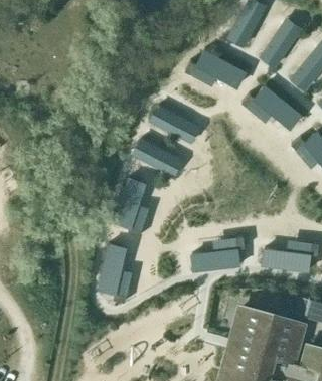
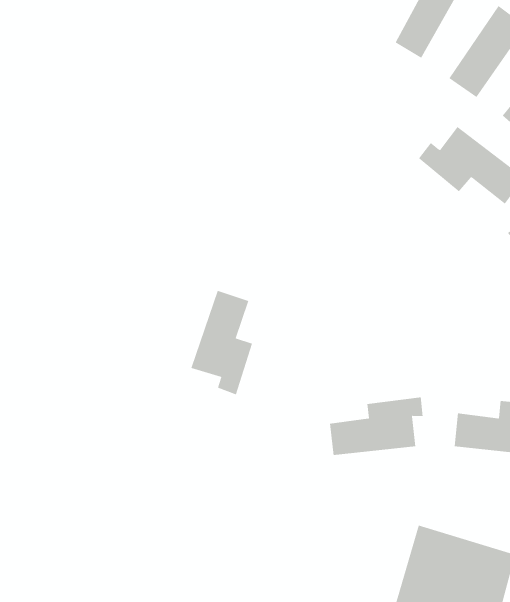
building: [186,48,248,87] -> none
building: [149,103,202,144] -> none
building: [132,138,184,178] -> none
building: [98,242,133,302] -> none

